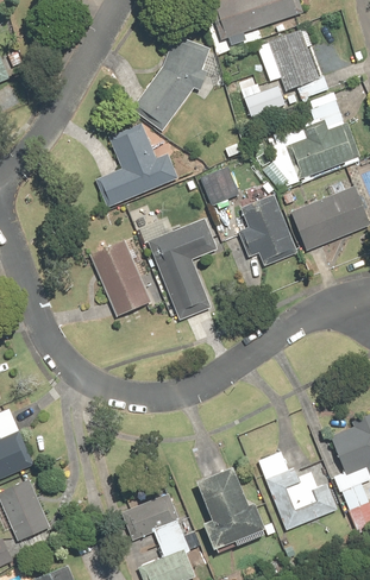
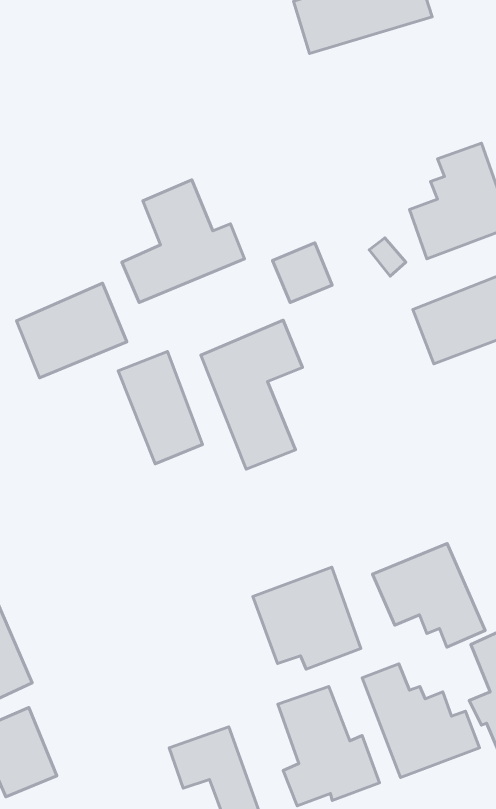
building: [243,27,327,115] -> none
building: [132,33,228,131] -> none
building: [237,193,299,264] -> none
building: none -> [16,283,127,378]
building: none -> [373,544,485,647]
building: none -> [253,567,361,669]

